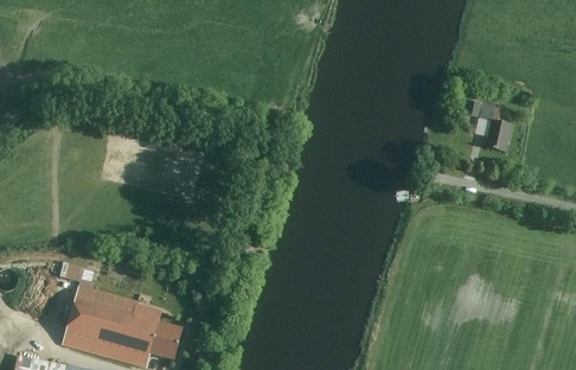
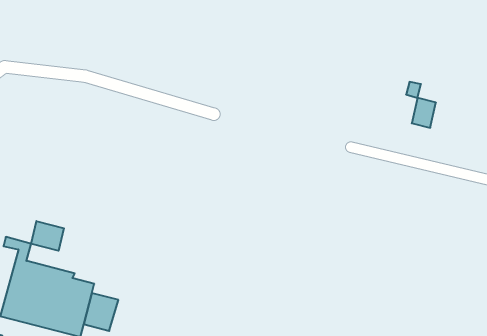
building: none -> [31,221,64,251]

